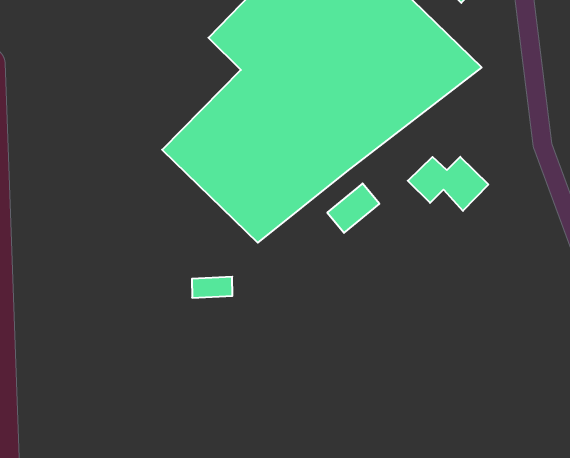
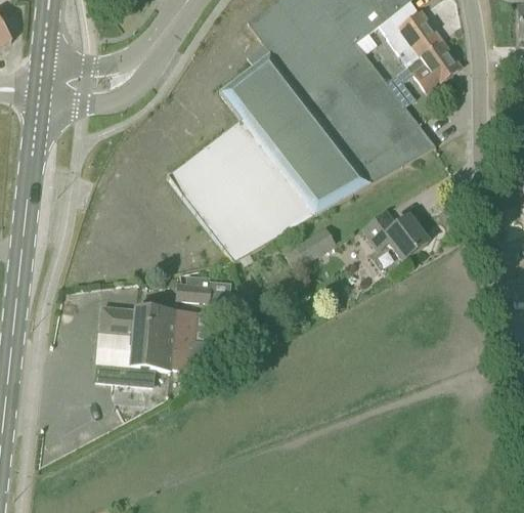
building: none -> [97,305,199,369]

